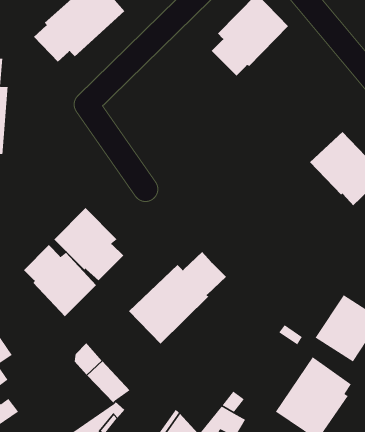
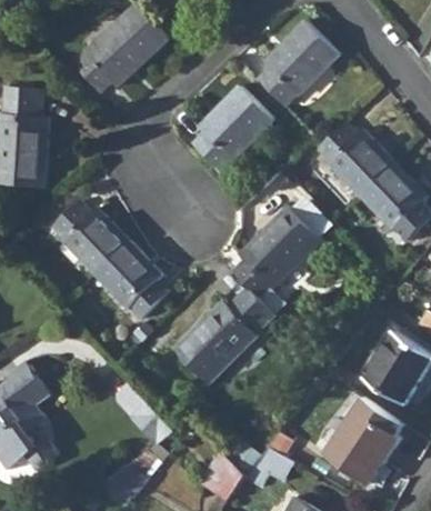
building: none -> [192,86,274,171]
building: none -> [318,122,394,196]
building: none -> [232,206,322,299]
building: [23,244,97,317] -> [51,200,128,275]

